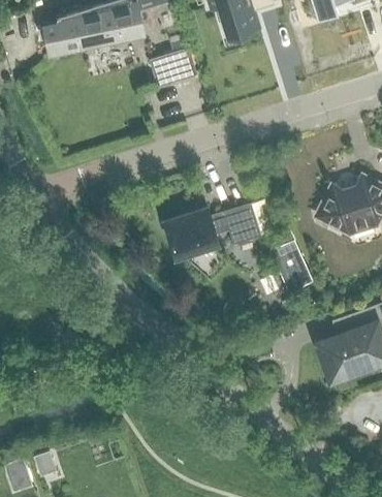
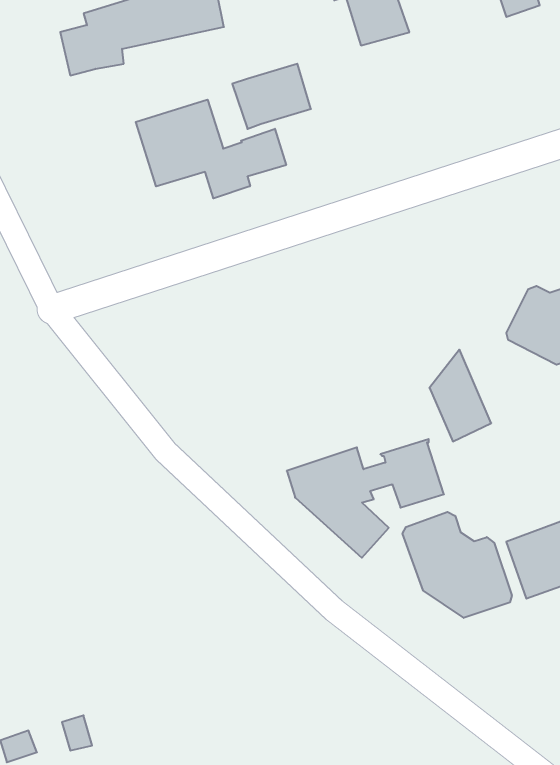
building: none -> [136,100,286,198]
building: [163,203,260,276] -> [287,439,444,558]
building: none -> [403,512,512,618]

